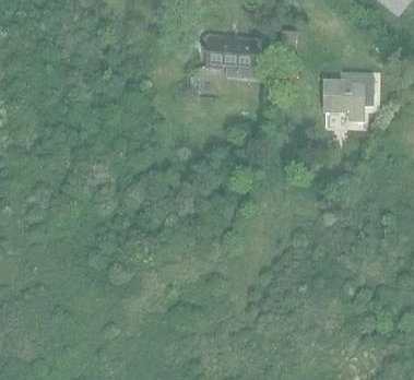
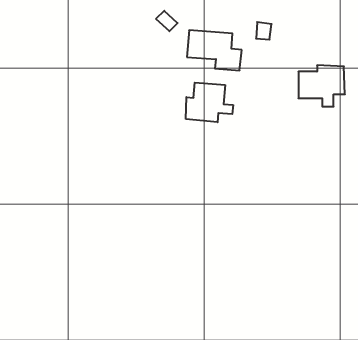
building: none -> [186,83,233,122]

